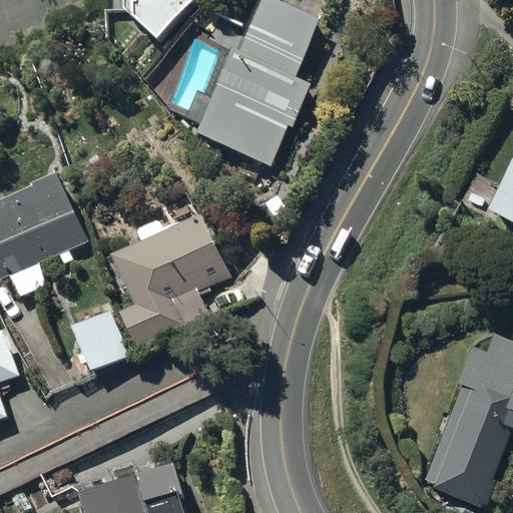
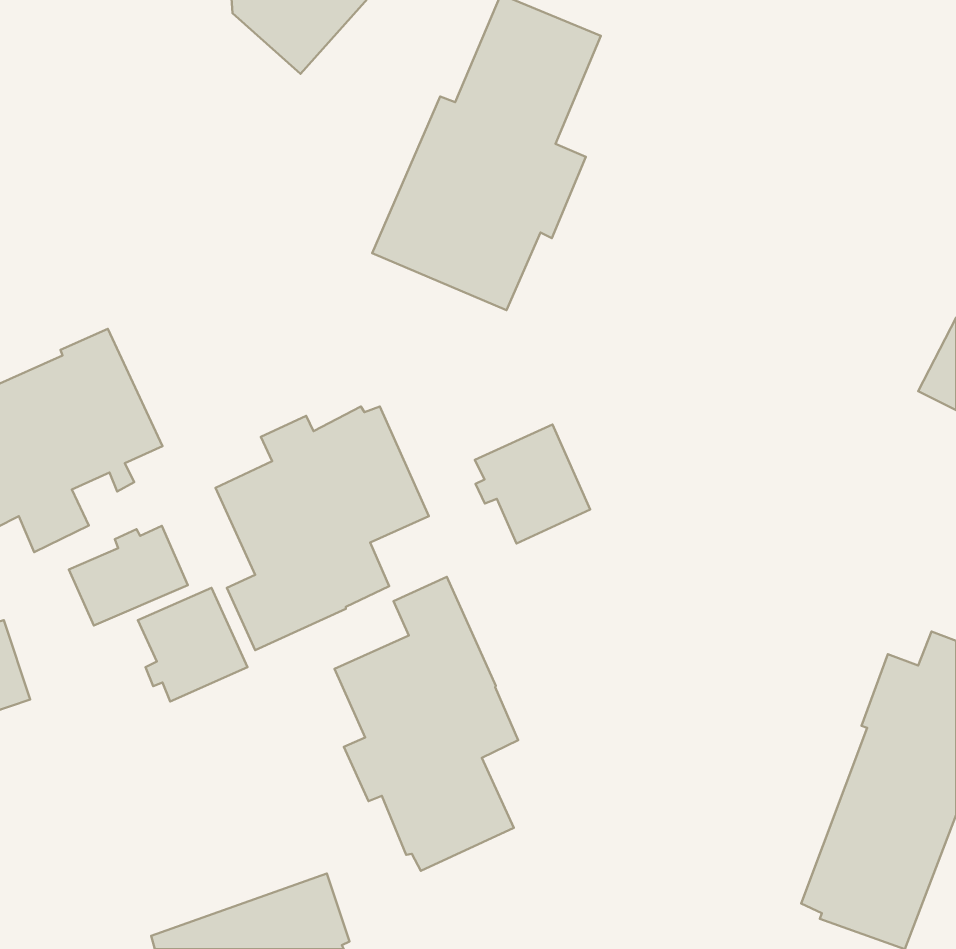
building: none -> [475,425,590,543]
building: none -> [69,526,188,626]
building: none -> [335,577,518,871]

